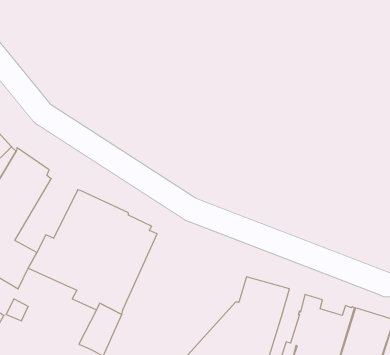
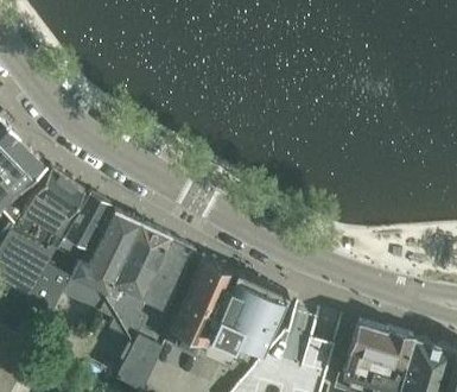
building: none -> [44,194,112,278]
building: none -> [160,258,284,371]

